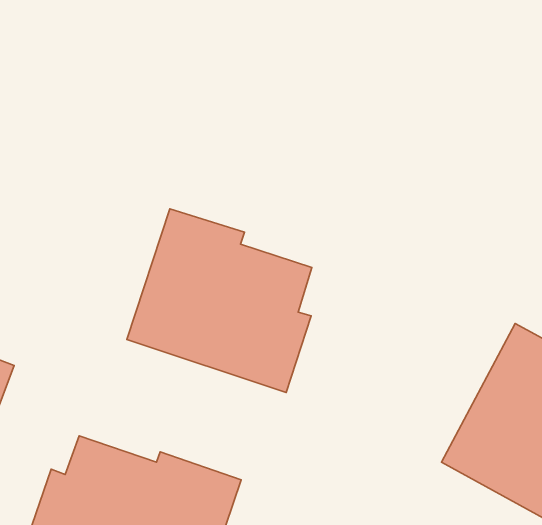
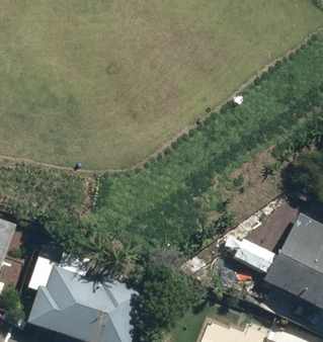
building: [127,209,312,393] -> none

